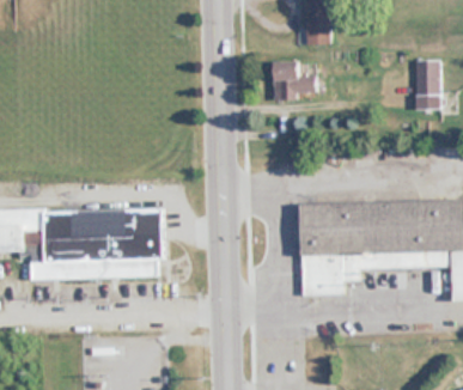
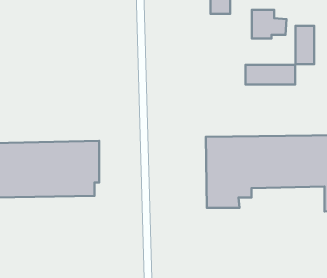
building: [275,62,319,99] -> [252,10,286,39]
building: none -> [246,65,295,85]

